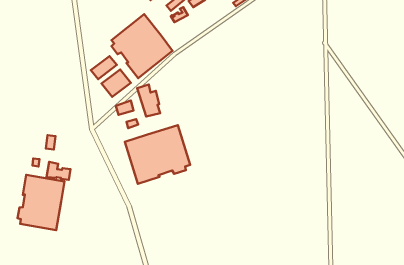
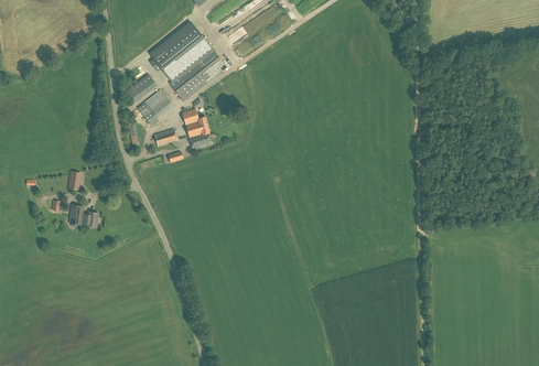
building: [125,125,190,184] -> none
building: [18,175,64,230] -> none

